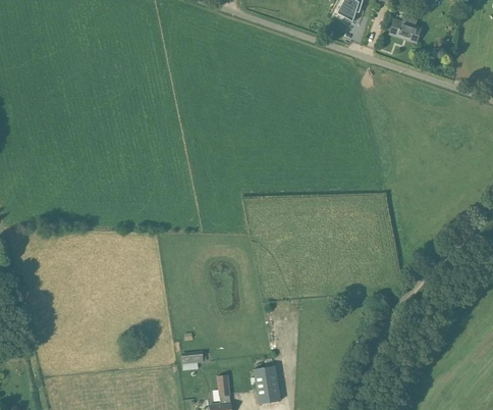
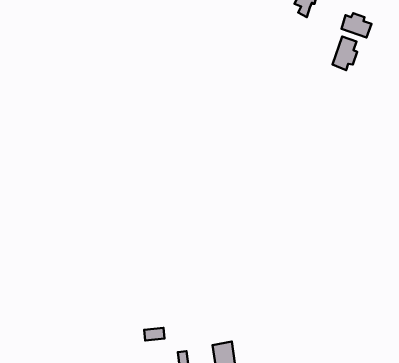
building: none -> [333,37,357,70]

